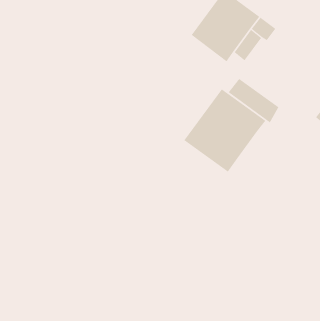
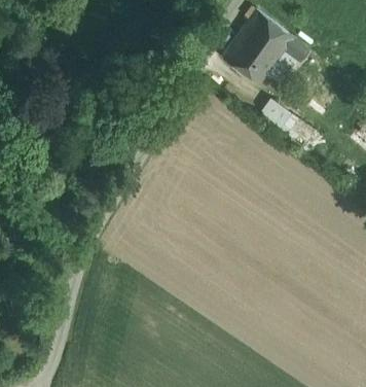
building: [183,88,266,173] -> none

